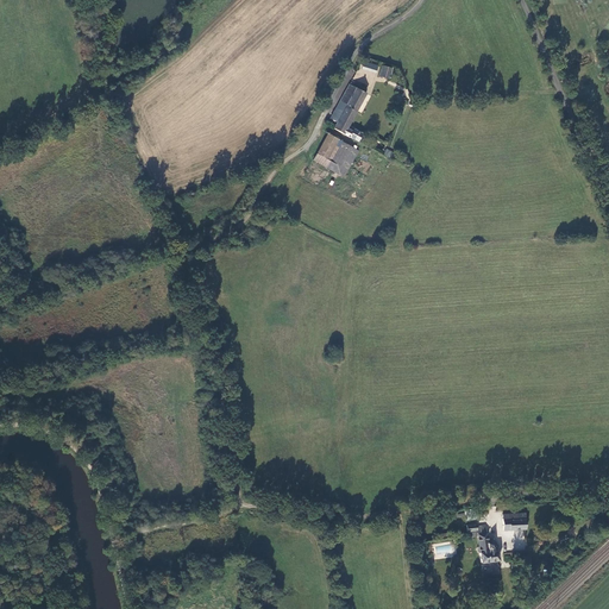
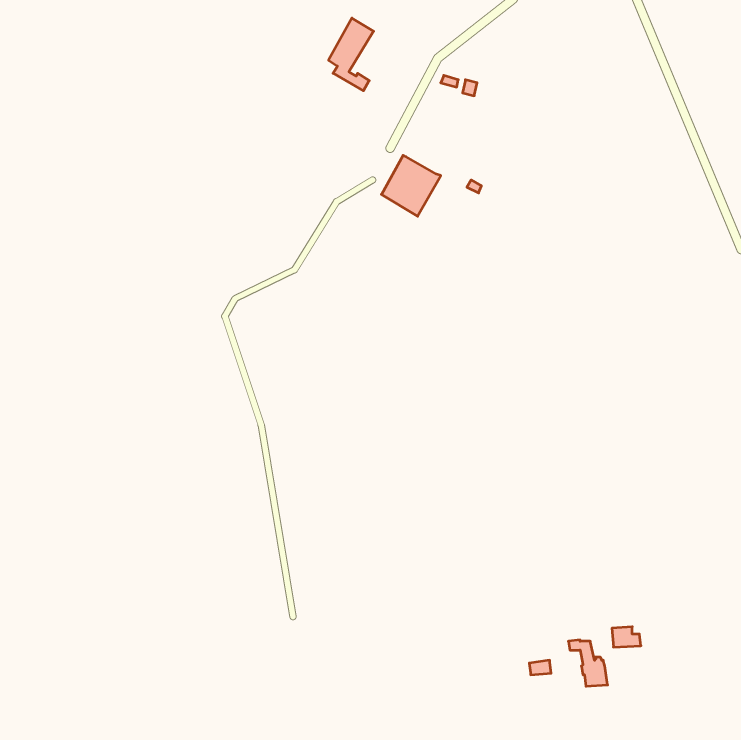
building: [329,83,366,143] -> [329,18,374,91]

